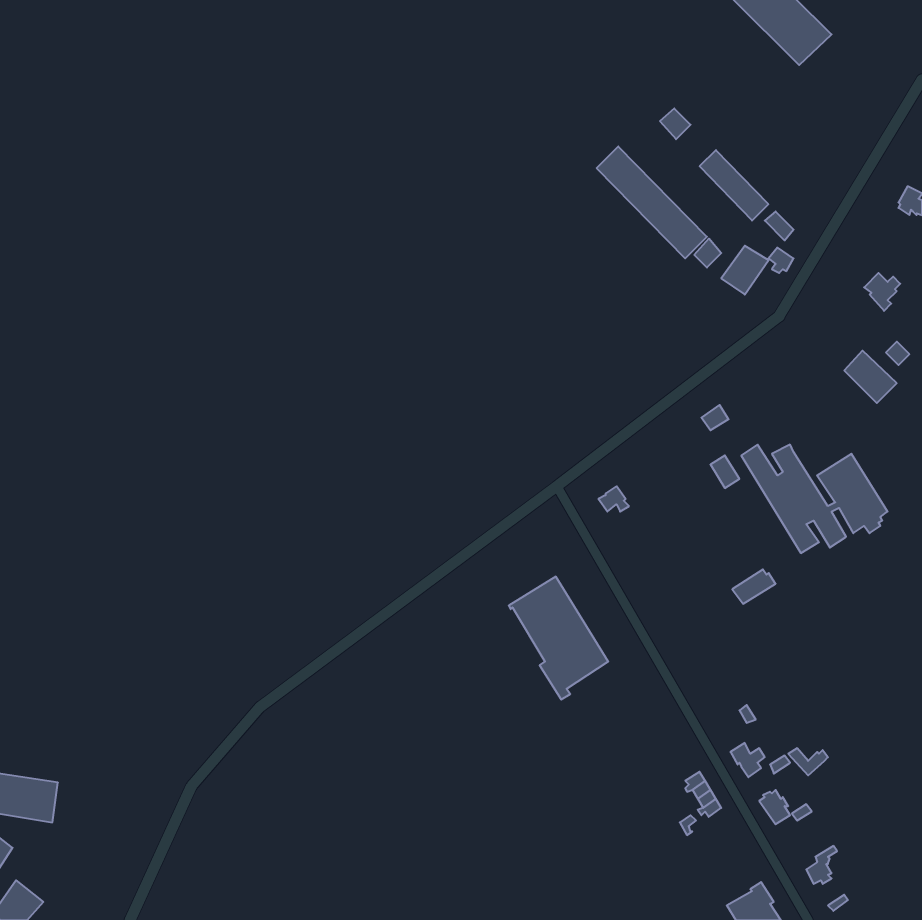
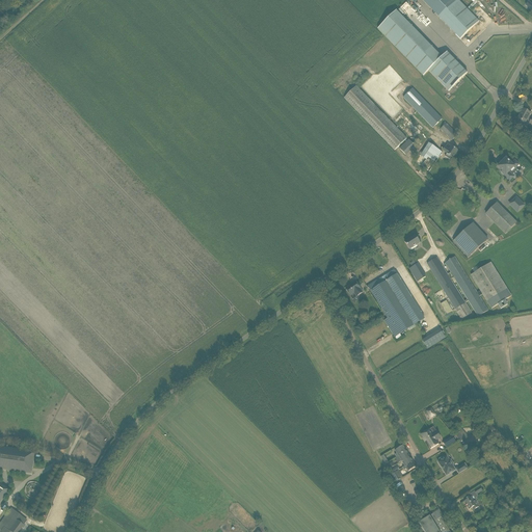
building: none -> [377,9,467,89]
building: none -> [452,221,486,256]
building: [509,577,608,700] -> [366,268,423,339]

